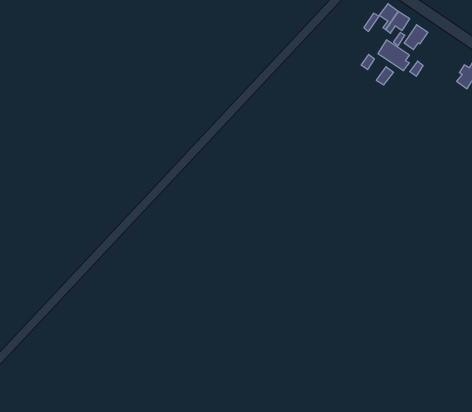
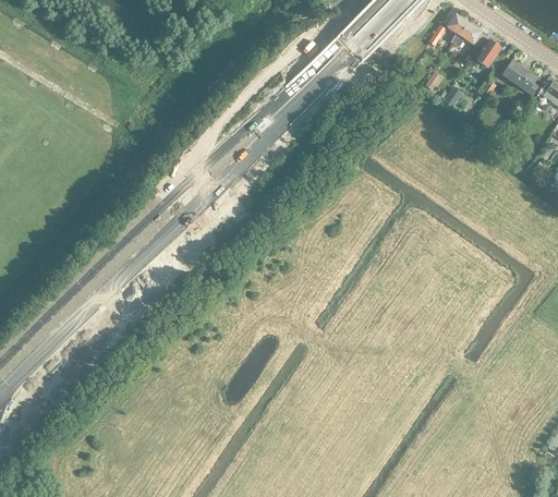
building: [378,40,409,71] -> [501,60,537,95]

